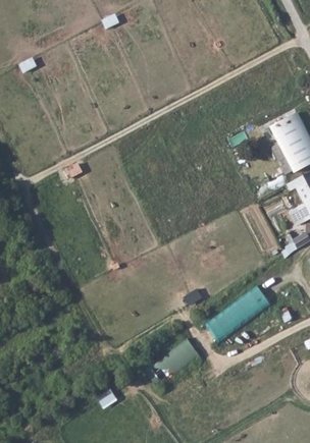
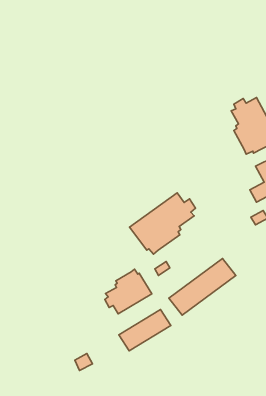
building: none -> [130,193,195,254]
building: none -> [105,269,152,314]

